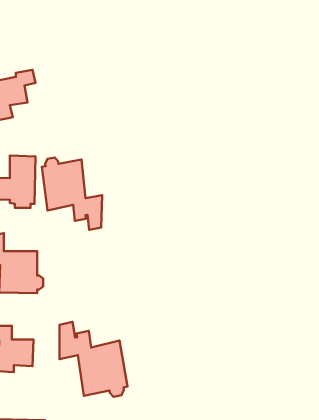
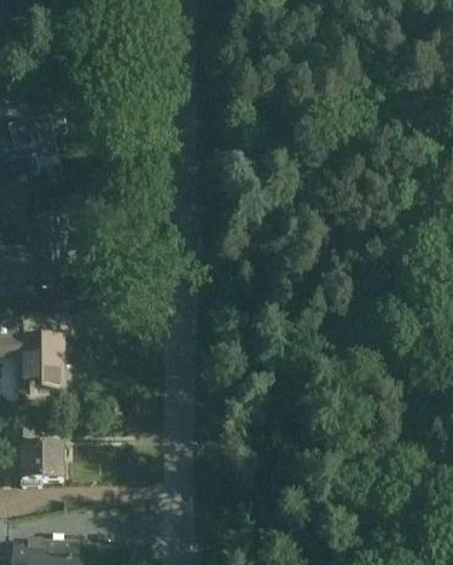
building: [42,158,102,230] -> none
building: [59,322,128,397] -> none

